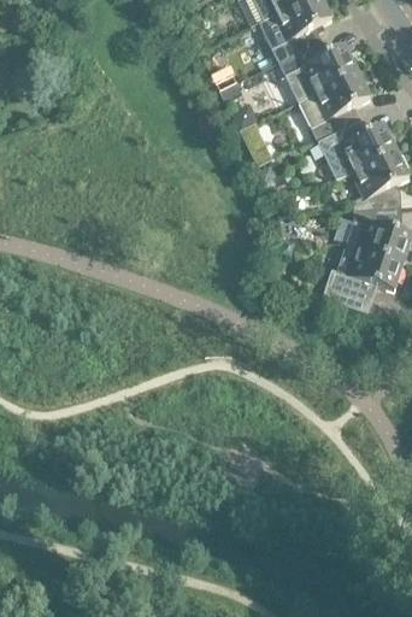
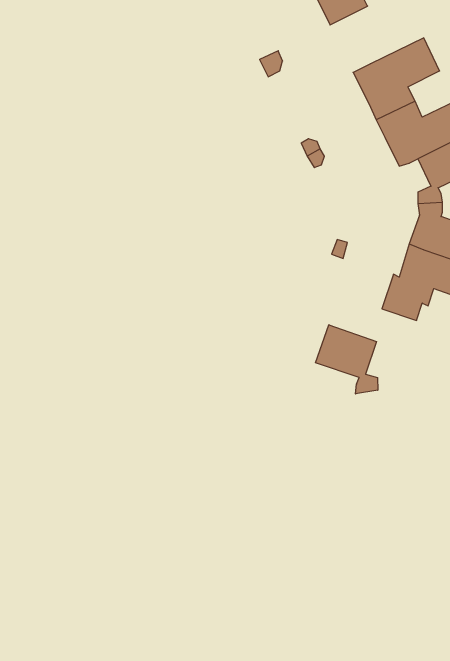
building: [278,42,357,98] -> none
building: none -> [315,325,378,394]

